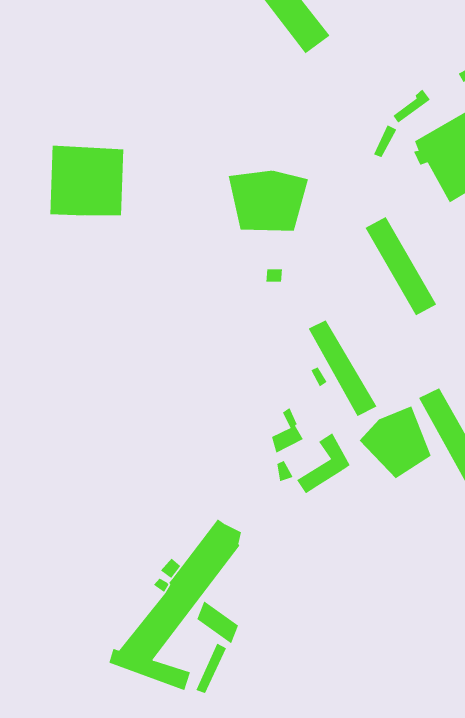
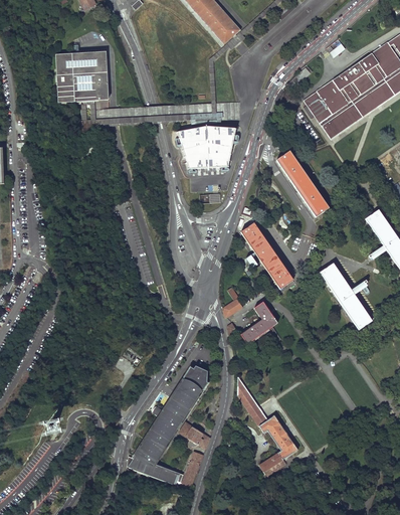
building: [49,145,124,216] -> [58,52,110,101]
building: [359,405,432,479] -> none
building: none -> [238,375,296,477]

